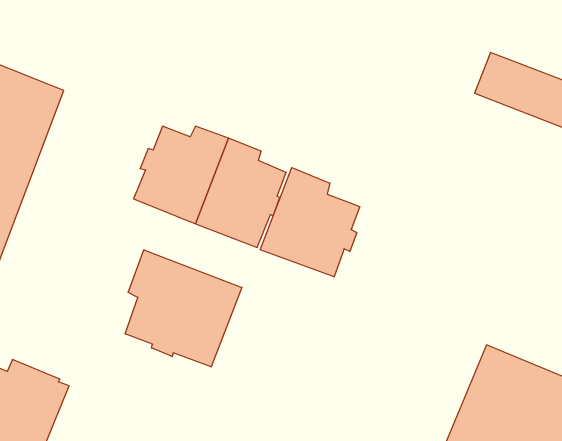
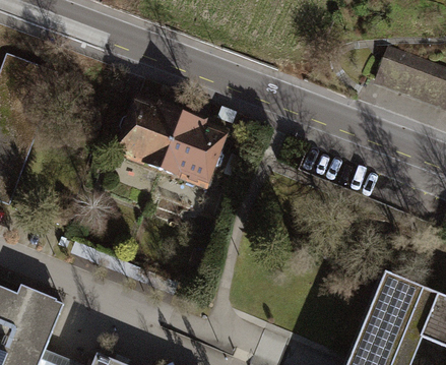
building: [260,168,360,277] -> none
building: [125,250,242,367] -> none

